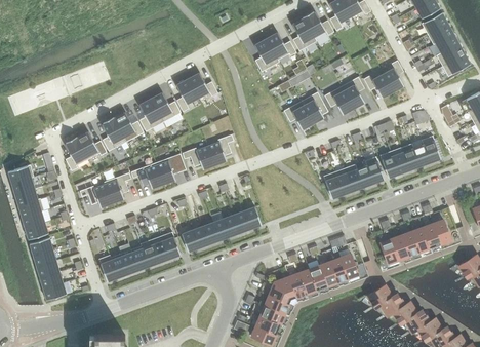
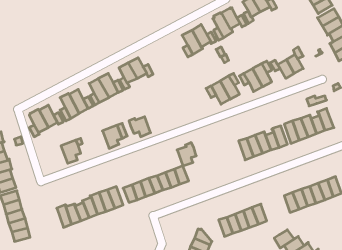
building: [207,137,231,165] -> [177,143,196,166]
building: [136,163,163,189] -> none
building: [85,182,112,208] -> none
building: [276,273,306,300] -> none

